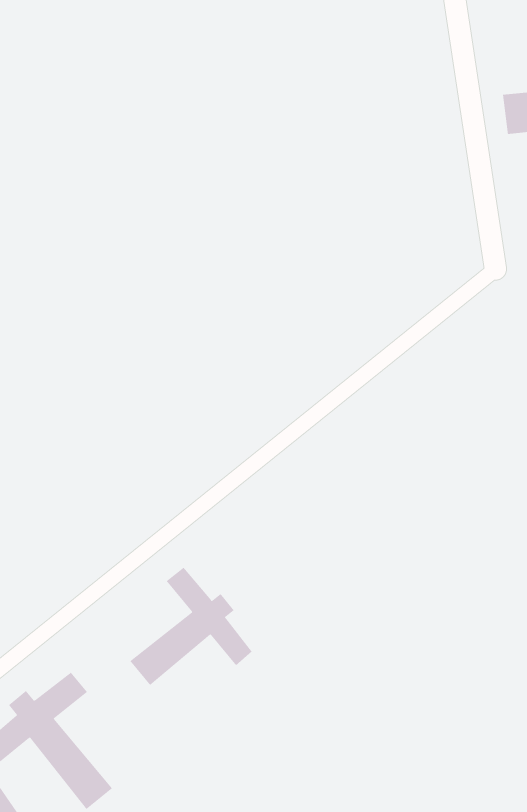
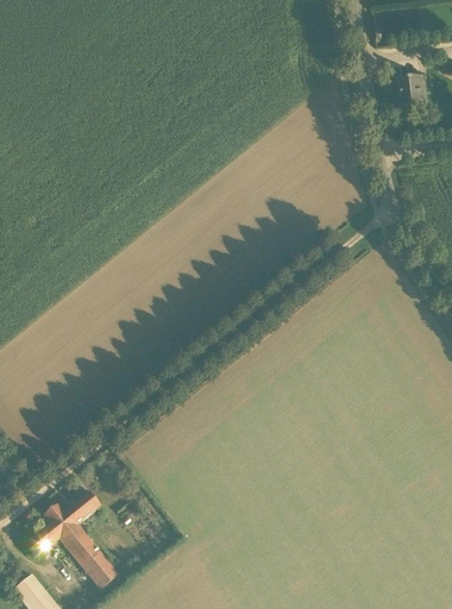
building: [130,567,252,686] -> none

